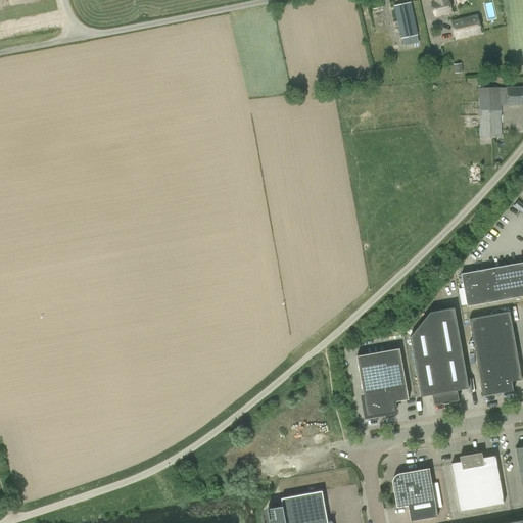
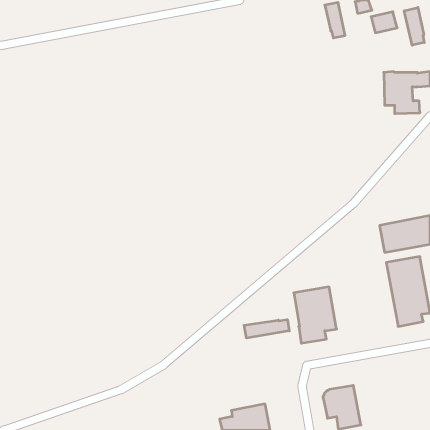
building: none -> [404,7,424,45]
building: [410,307,469,405] -> none
building: none -> [244,320,289,338]
building: [451,453,504,512] -> none

